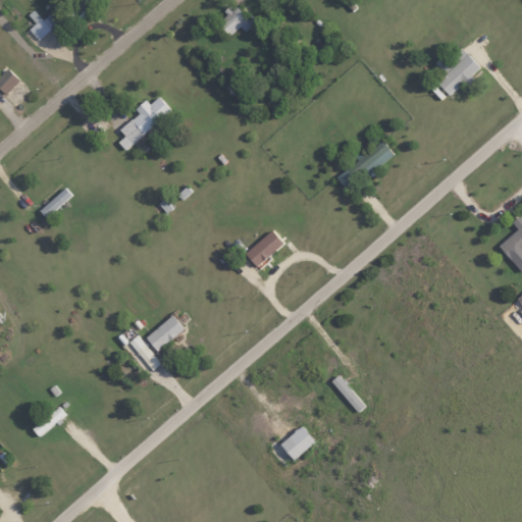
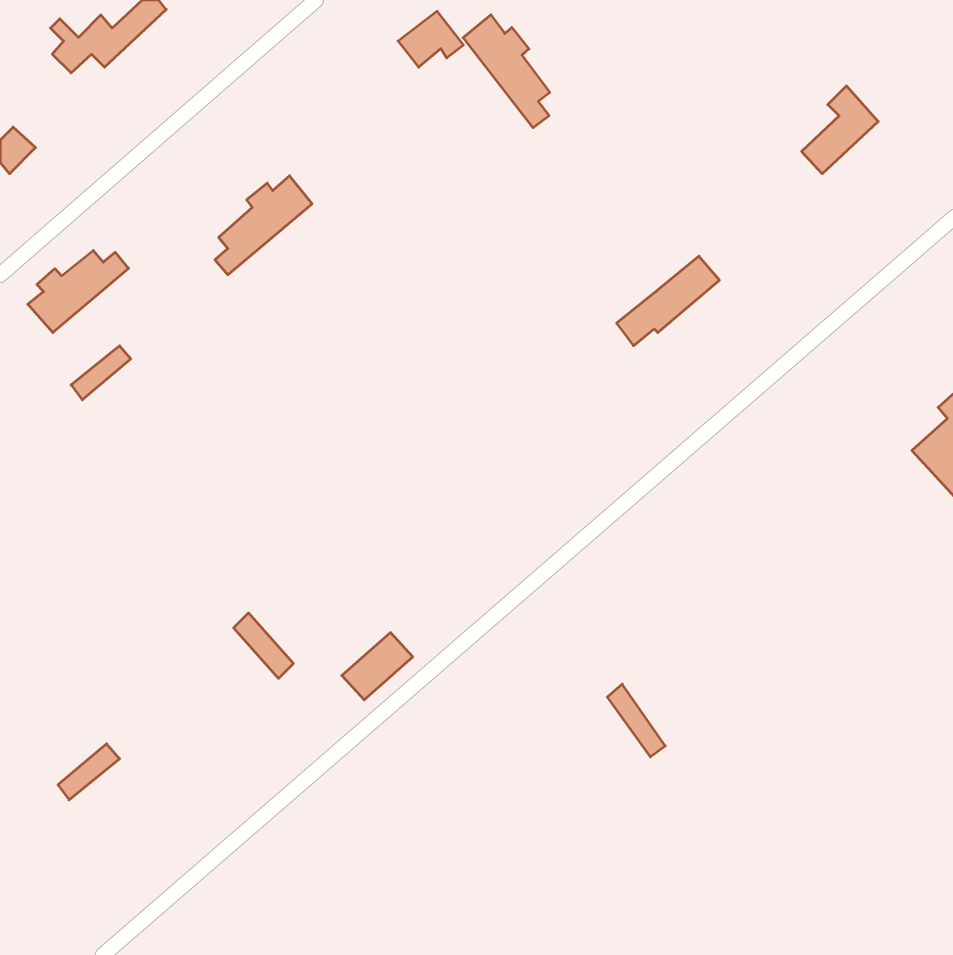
building: none -> [463,15,550,128]
building: none -> [28,250,129,333]
building: [245,228,283,267] -> none
building: [146,314,185,351] -> [342,633,413,700]
building: [280,426,315,459] -> none

